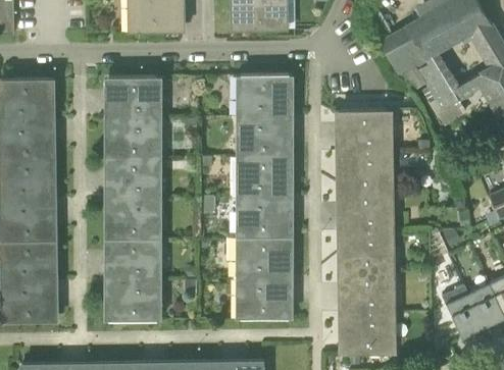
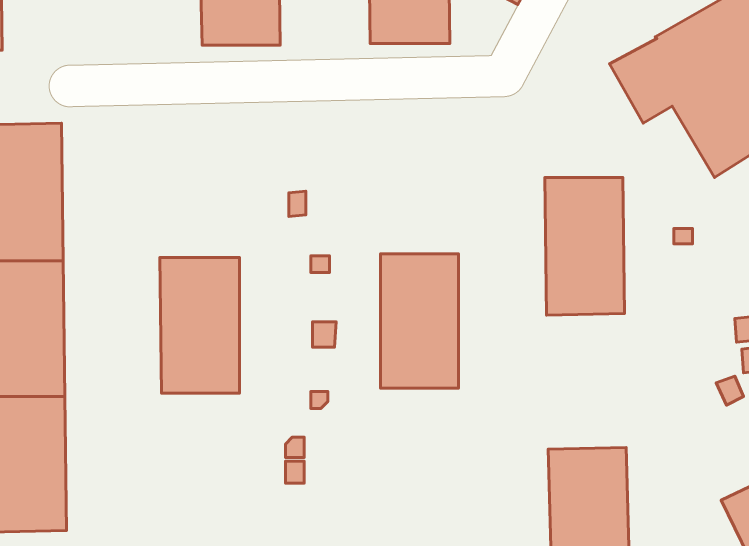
building: [242,74,289,156] -> none
building: [109,76,157,158] -> none
building: [342,192,390,273] -> none
building: [242,236,289,319] -> none
building: [110,240,157,321] -> none

